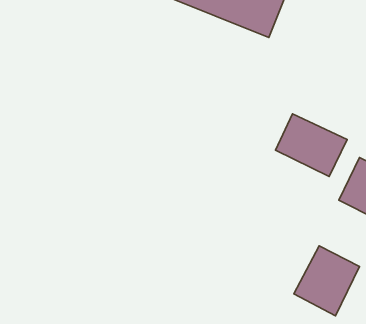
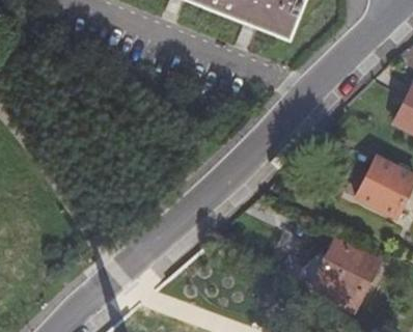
building: [275,114,347,176] -> none

